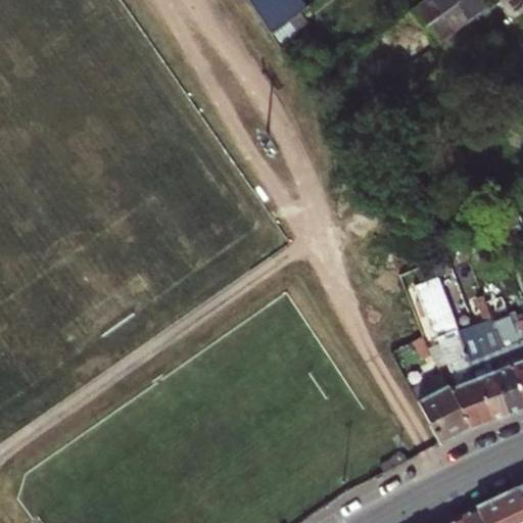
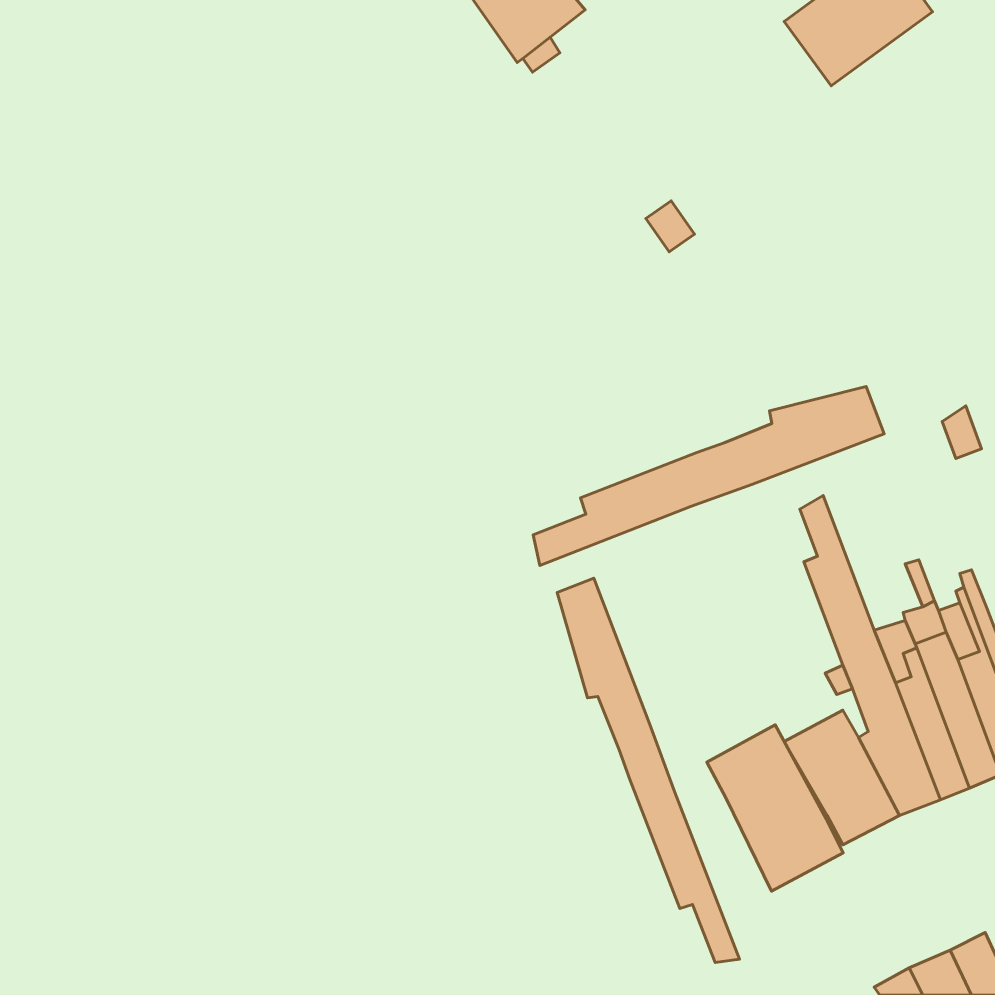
building: none -> [533,386,884,565]
building: none -> [557,578,739,963]
building: none -> [707,725,843,891]

